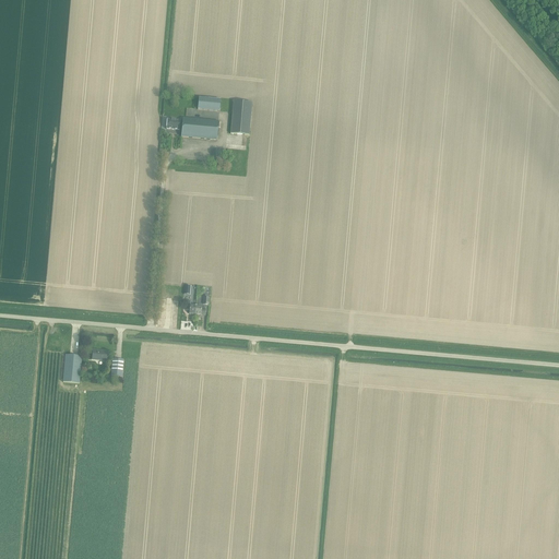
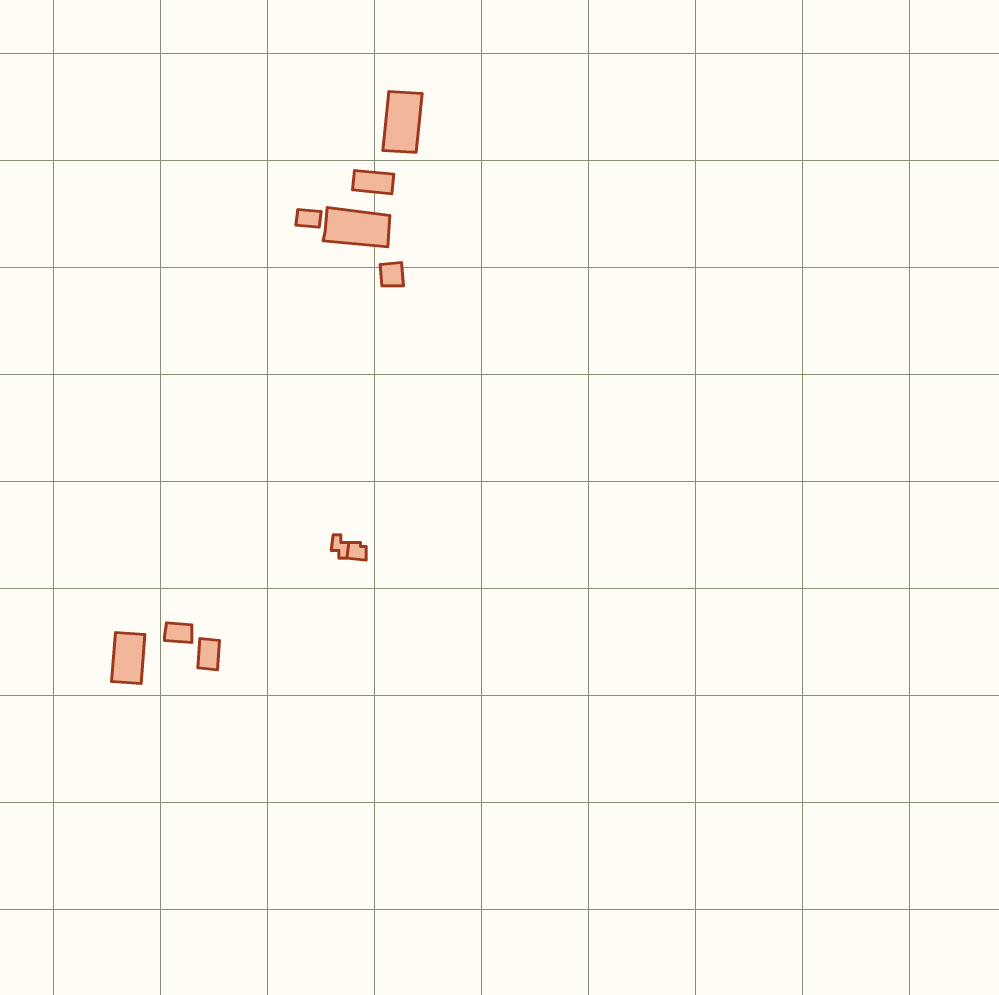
building: [229,98,251,132] -> [383,92,422,152]

